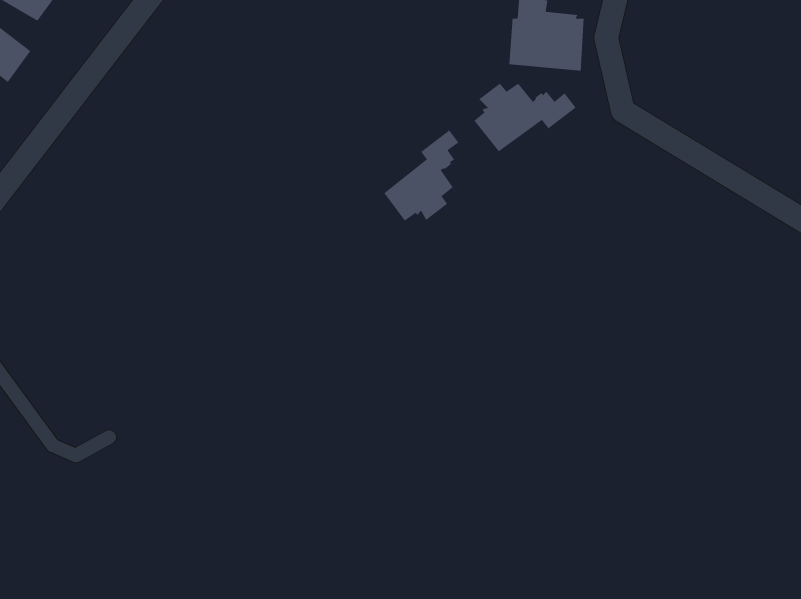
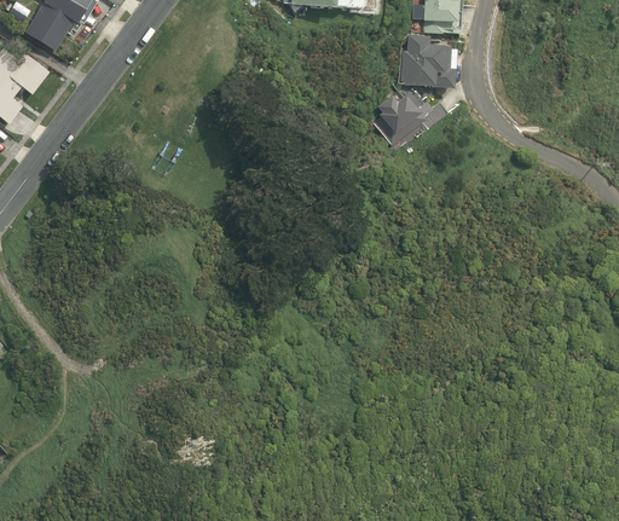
building: [384,130,459,221] -> none

